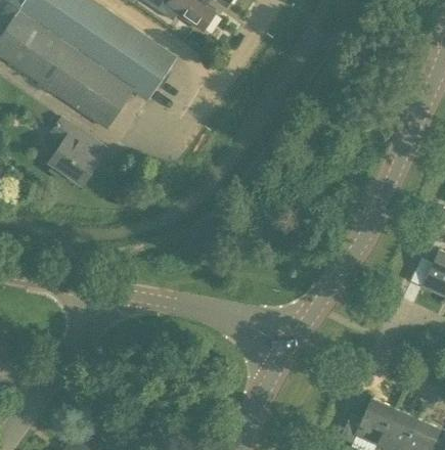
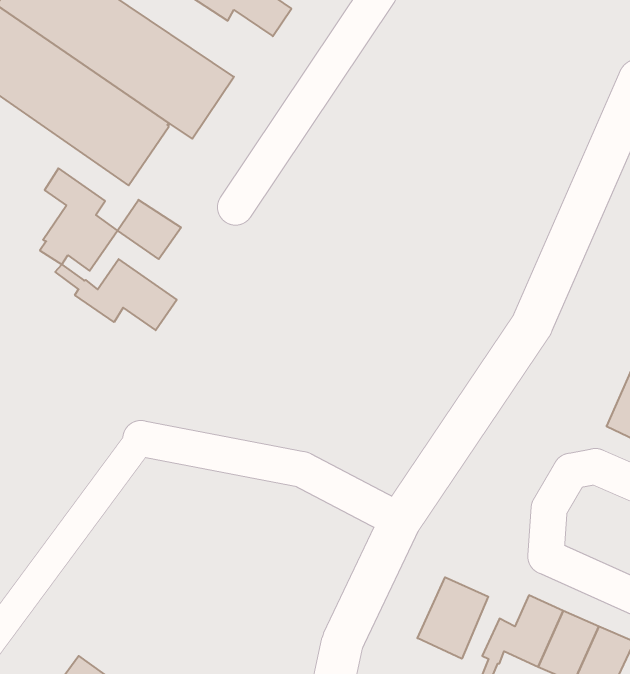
building: none -> [118,200,181,259]
building: none -> [55,259,177,330]
building: none -> [417,577,488,659]

